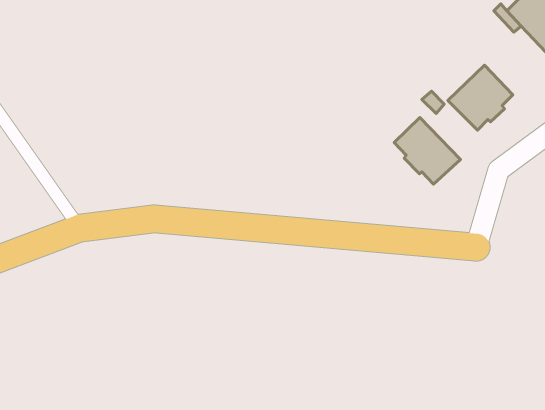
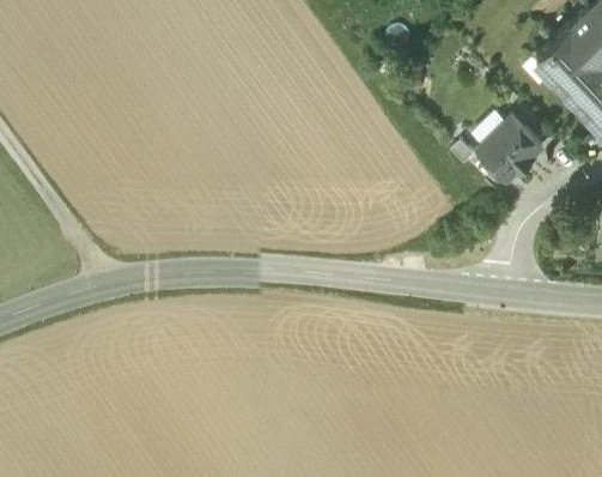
building: [394,118,460,184] -> none

